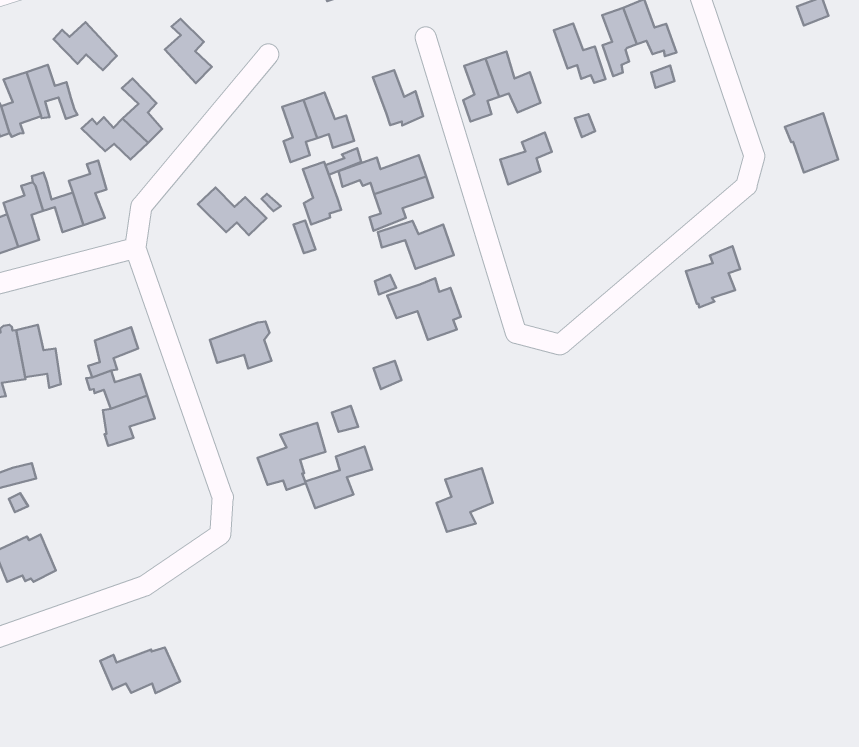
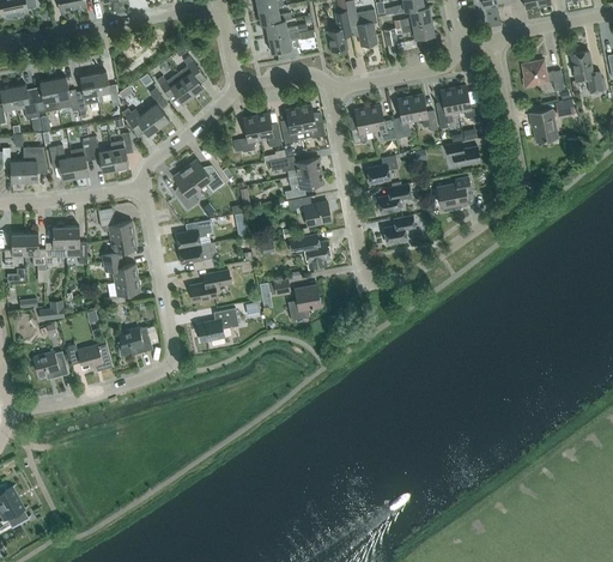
building: [54,22,117,70] -> [157,73,193,103]
building: none -> [392,96,414,138]
building: none -> [445,141,479,165]
building: [785,113,838,173] -> [528,109,557,143]
building: [303,162,341,224] -> [283,108,304,144]
building: none -> [377,183,411,212]
building: none -> [172,168,198,209]
building: none -> [383,214,414,243]
building: [686,246,740,308] -> [438,176,471,210]
building: none -> [176,220,212,249]
building: none -> [98,216,133,240]
building: [305,446,372,508] -> [188,270,229,302]
building: [436,468,493,532] -> [286,284,320,319]
building: none -> [116,326,152,355]
building: [100,647,180,693] -> [66,344,111,370]

